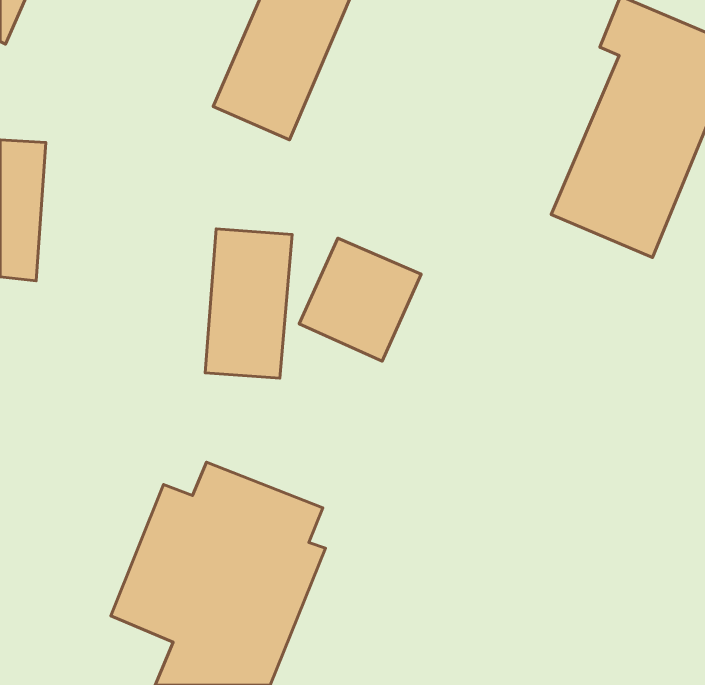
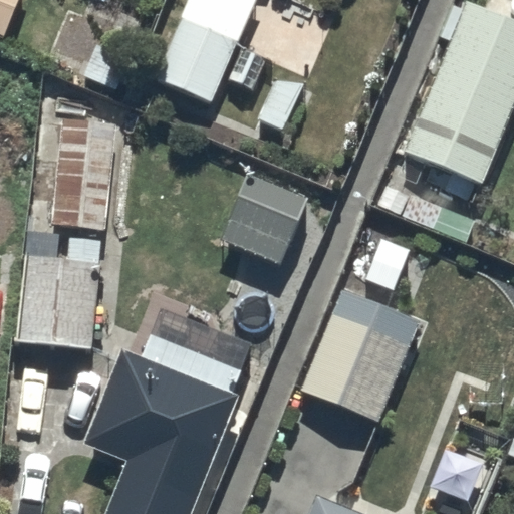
building: [205,229,292,378] -> [54,117,117,226]
building: none -> [16,226,102,351]
building: none -> [297,290,415,422]

